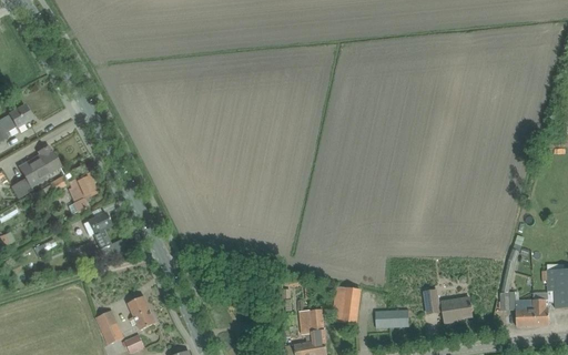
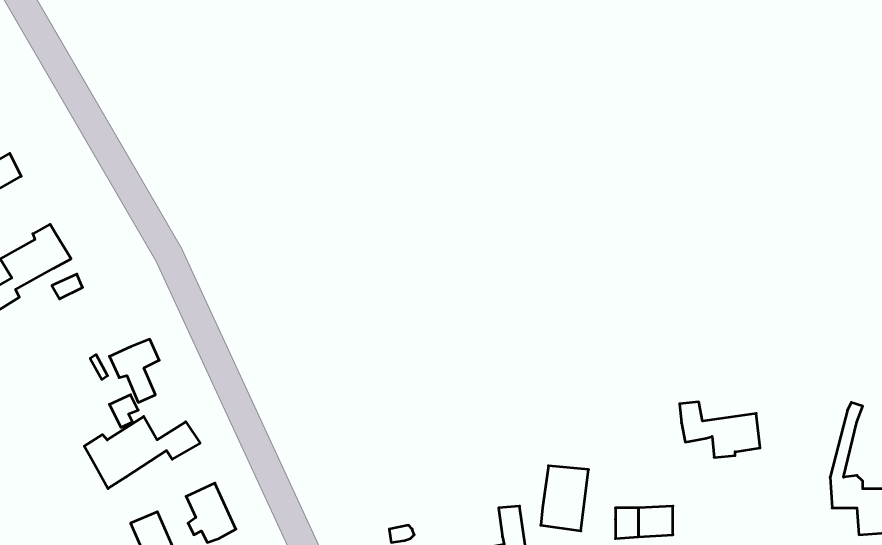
building: [68,173,95,214] -> none
building: none -> [84,416,200,489]
building: [424,291,470,323] -> [680,402,760,457]

